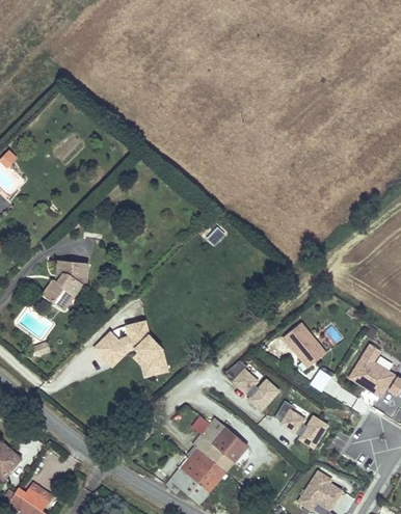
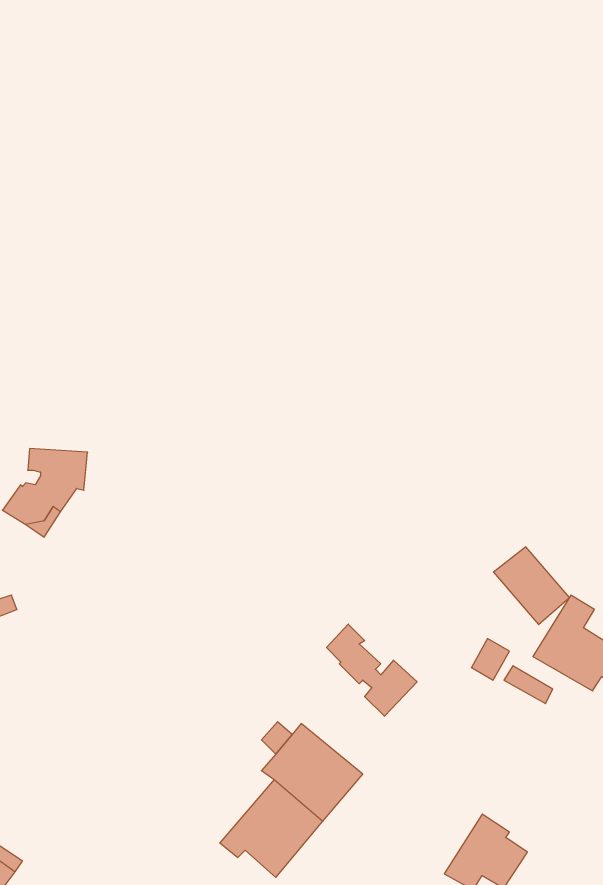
building: [92,319,169,377] -> none
building: [283,324,326,369] -> [493,547,569,625]
building: [278,404,327,449] -> none

